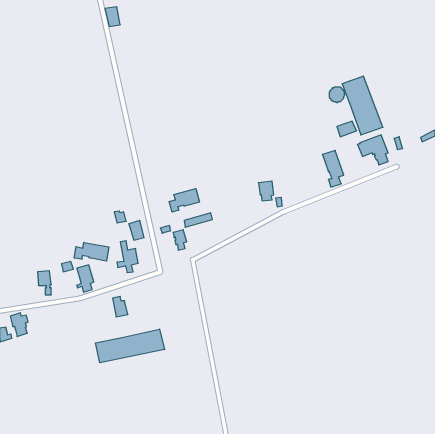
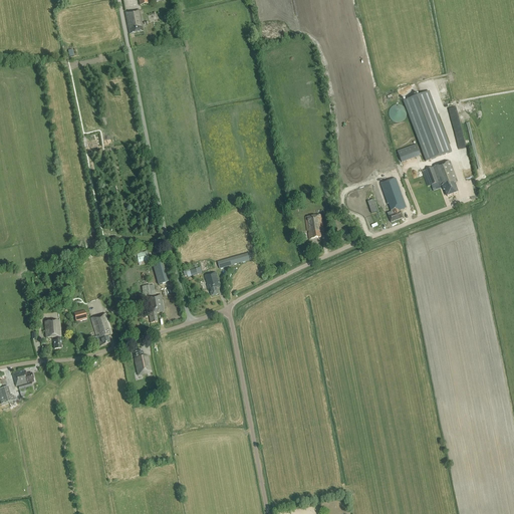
building: [169,189,200,212] -> none
building: [74,242,109,261] -> none
building: [96,329,165,363] -> none

